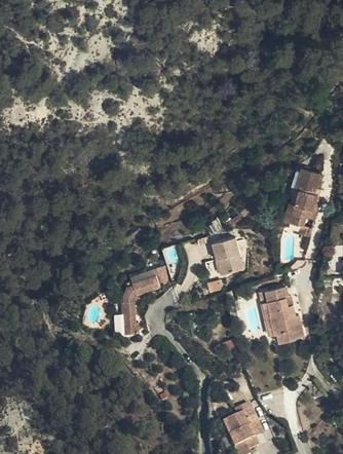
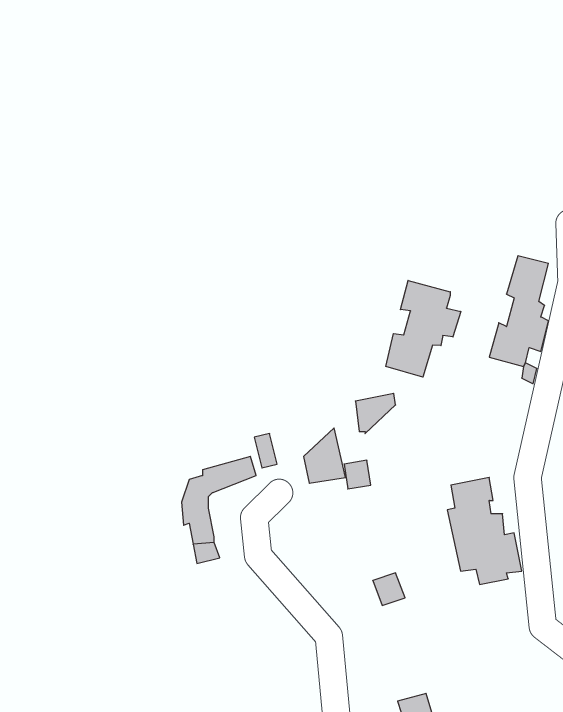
building: none -> [386,280,461,377]
building: [219,248,241,277] -> [304,428,346,483]

